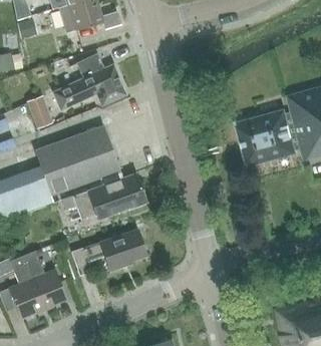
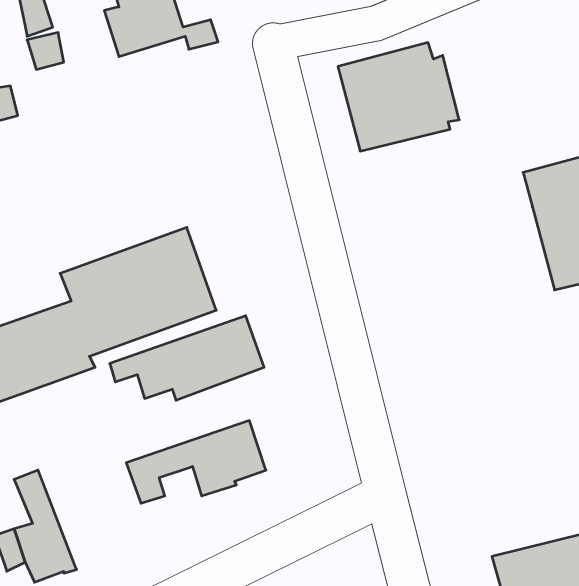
building: [53,53,126,109] -> none
building: [26,95,52,128] -> none
building: [235,107,301,166] -> [338,43,459,151]
building: [22,253,65,312] -> none

